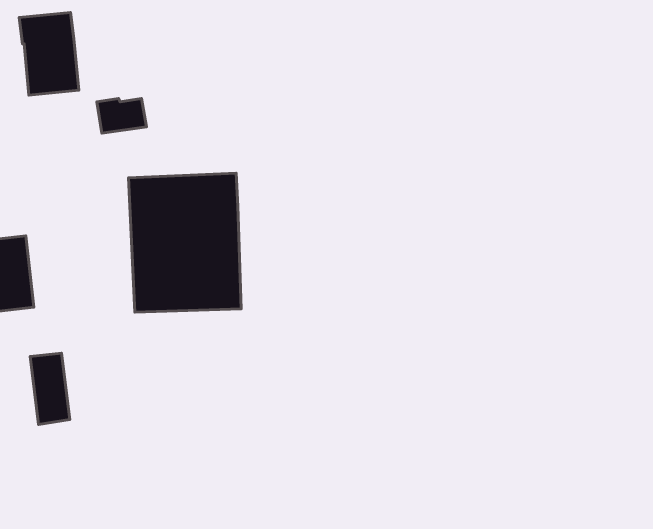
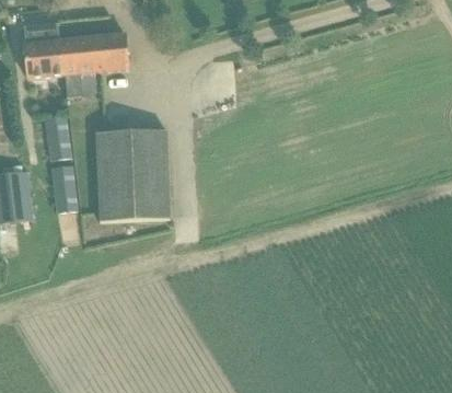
building: none -> [58,34,127,74]
building: none -> [44,115,70,160]
building: [30,353,70,424] -> [50,165,77,212]

